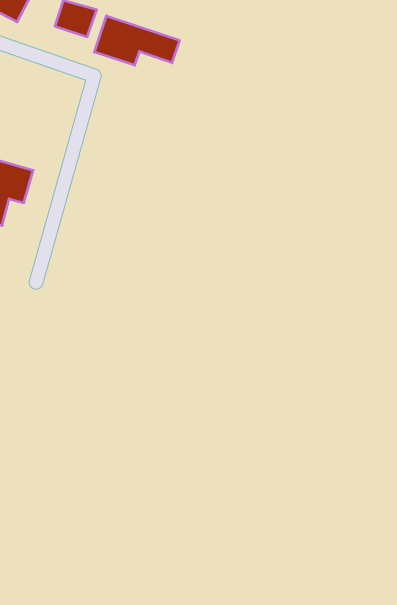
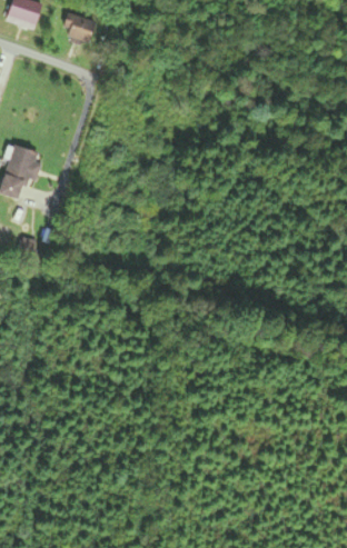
building: [94,16,179,65] -> none

